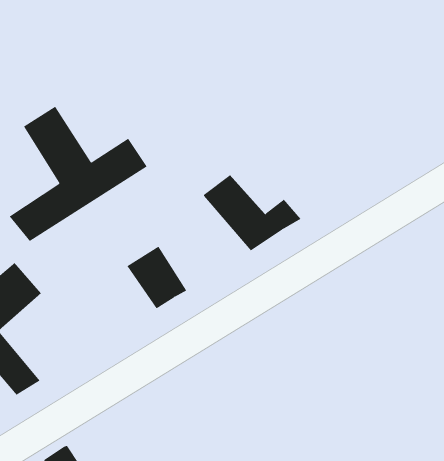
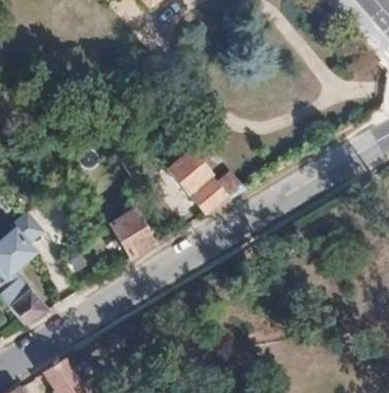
building: [9,106,147,242] -> none

